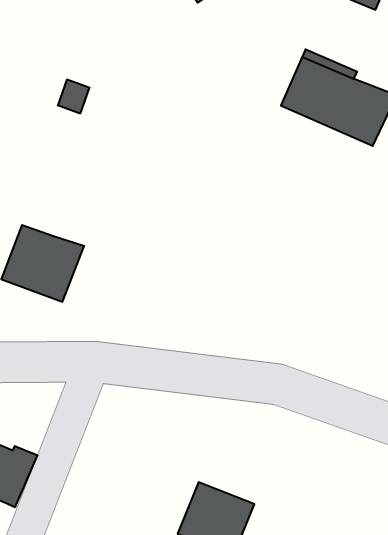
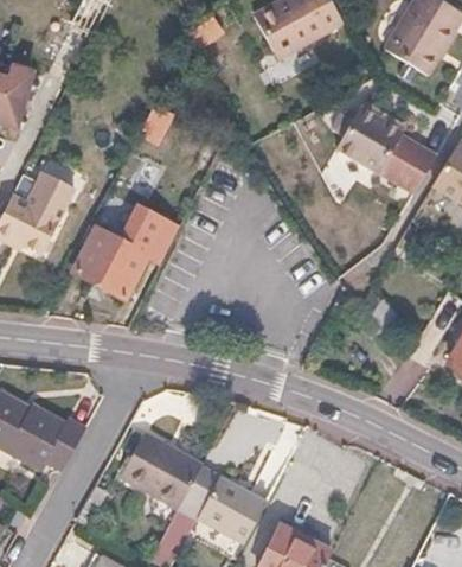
building: none -> [123,205,179,257]
building: none -> [129,432,206,504]

